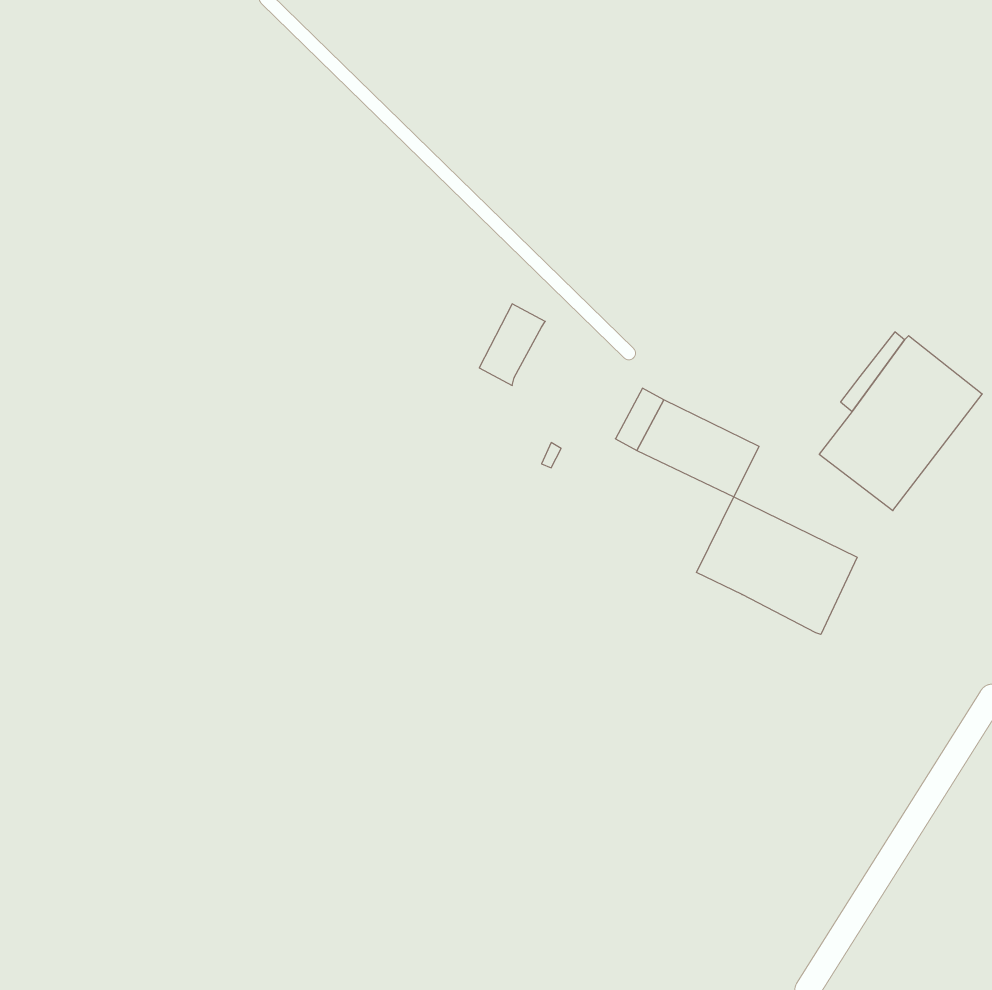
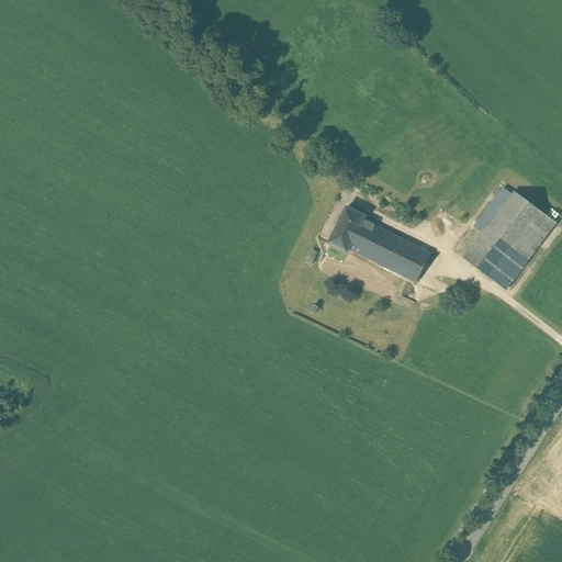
building: [479,304,545,385] -> [328,206,366,252]
building: [697,497,857,634] -> none

